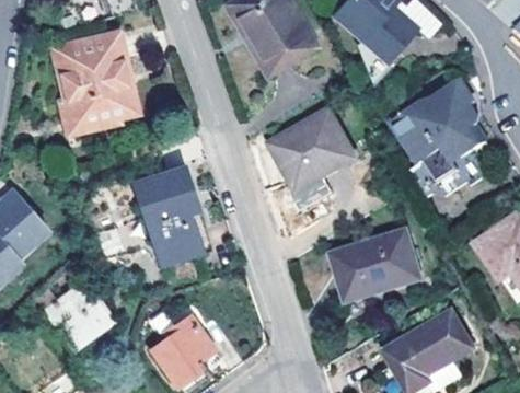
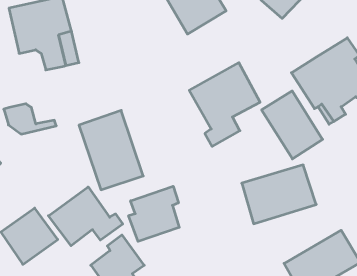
building: [60,95,123,131] -> [4,104,56,134]
building: none -> [262,91,323,159]
building: none -> [129,186,179,241]
building: none -> [48,187,123,246]

